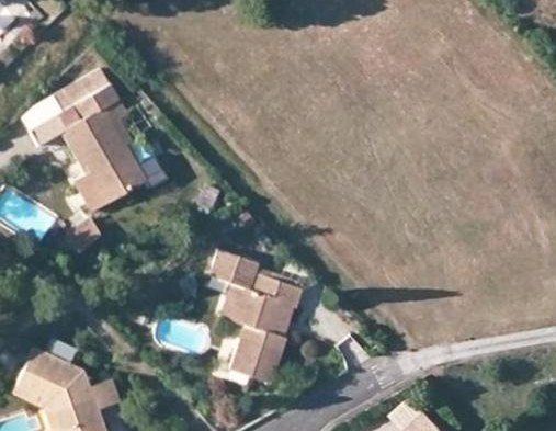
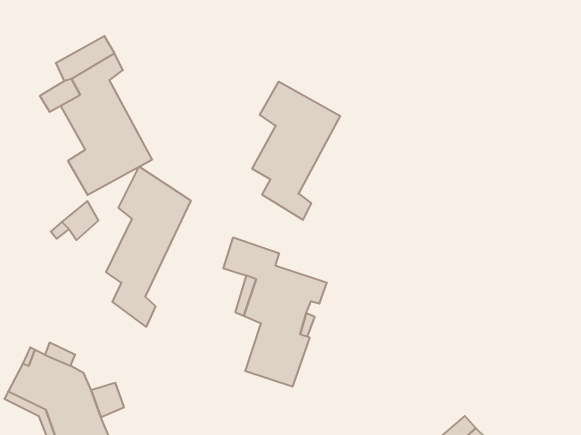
building: none -> [252,82,340,220]
building: none -> [106,167,191,327]

